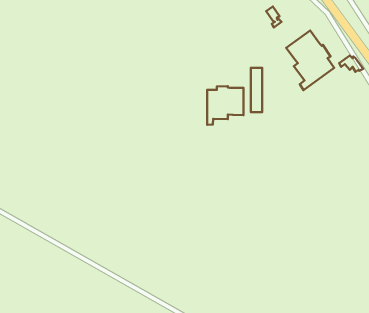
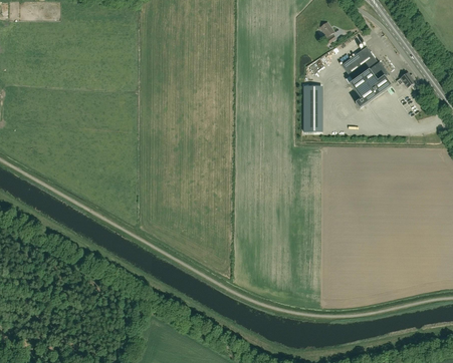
building: [207,86,243,125] -> none

